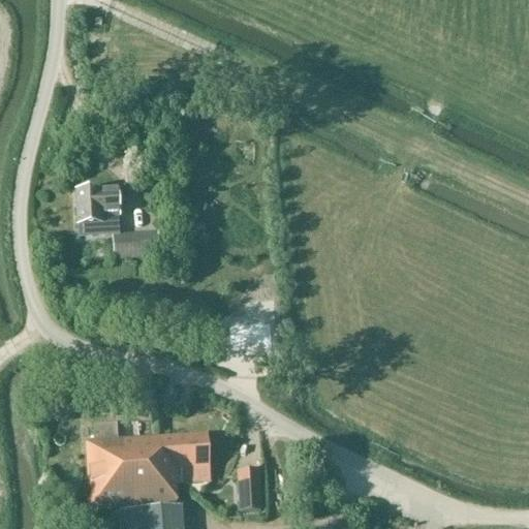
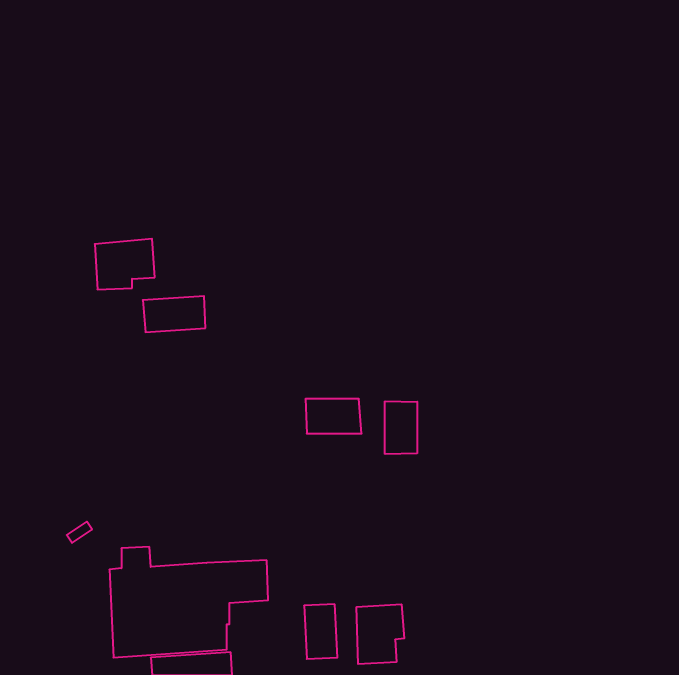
building: none -> [385,401,417,454]
building: none -> [357,604,404,664]

